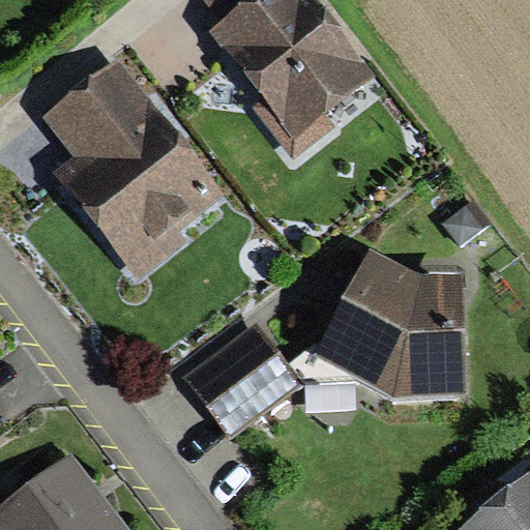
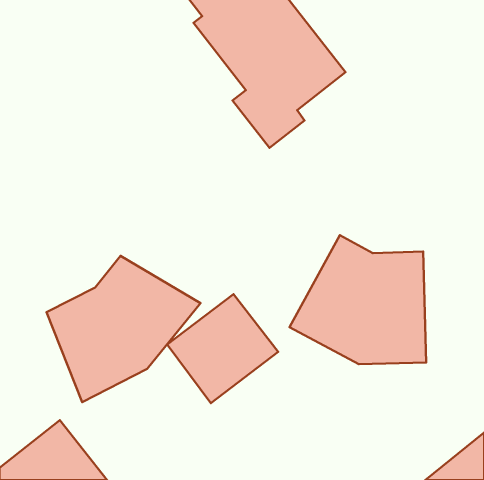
building: [40,57,219,277] -> none
building: none -> [46,256,201,402]

